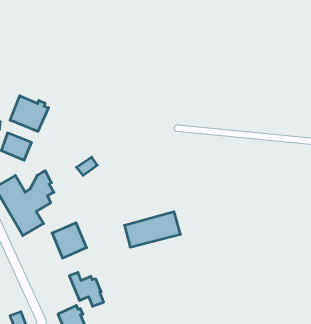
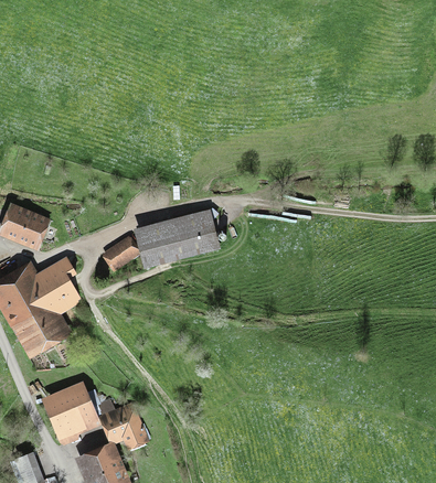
building: [10,96,49,131] -> none
building: [124,212,181,247] -> [139,213,216,261]
building: [52,223,87,258] -> [49,389,96,438]

